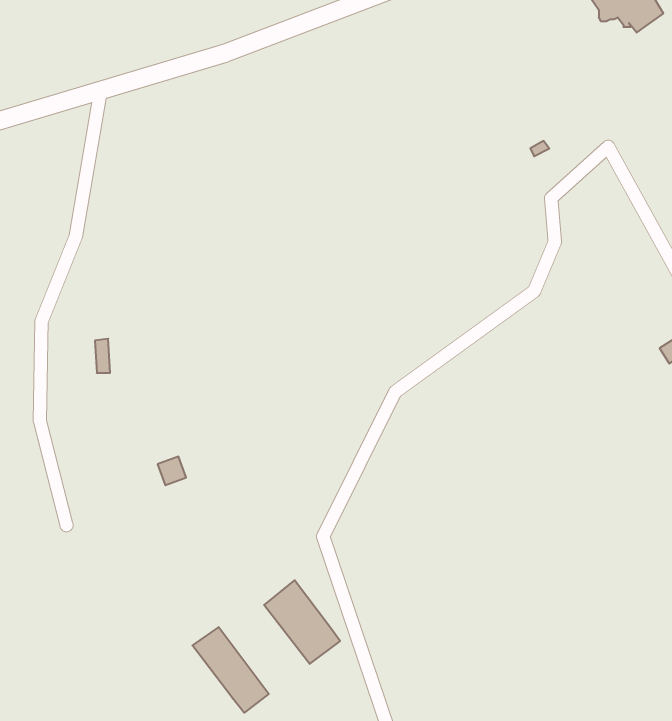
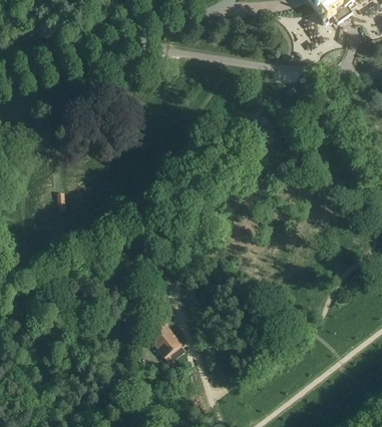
building: [192,627,269,713] -> none

